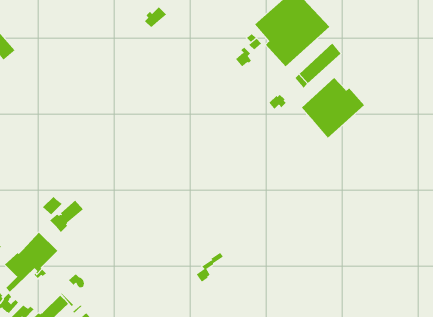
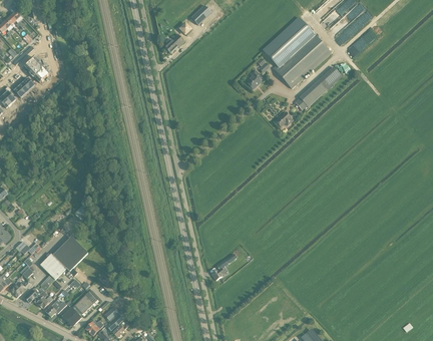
building: [301,77,365,138] -> none
building: [49,200,84,233] -> none

